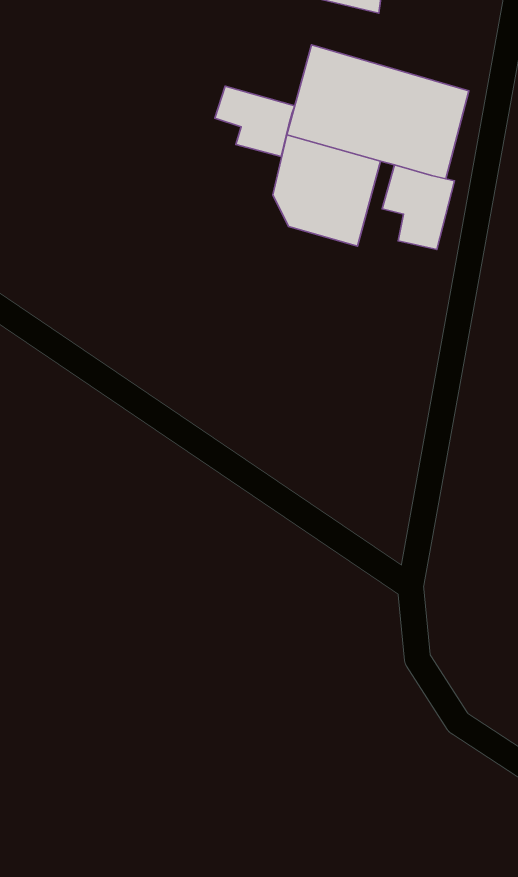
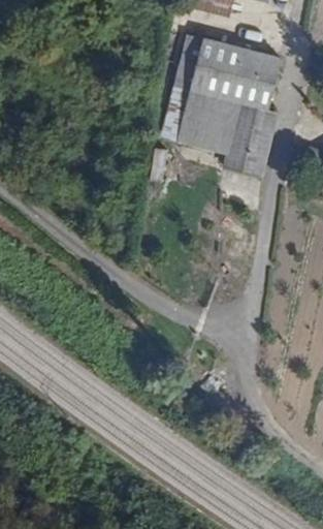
building: [215,86,295,156] -> none
building: none -> [221,128,262,174]

